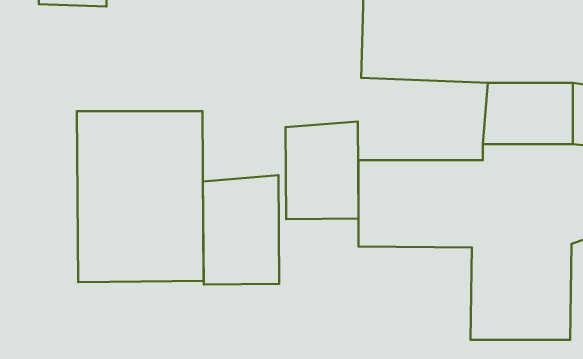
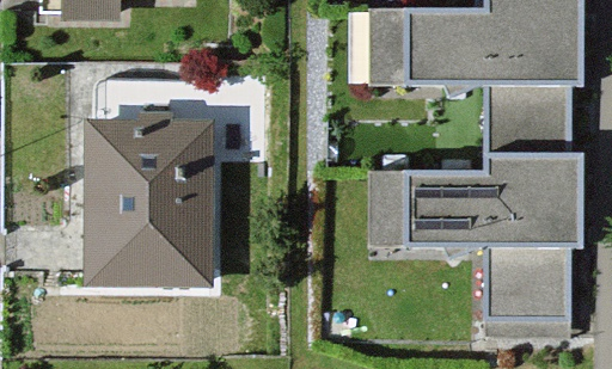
building: [285,121,359,219] -> none
building: [203,175,279,285] -> none

